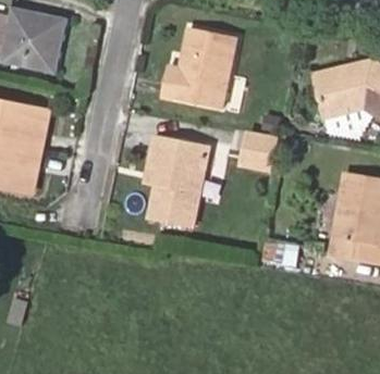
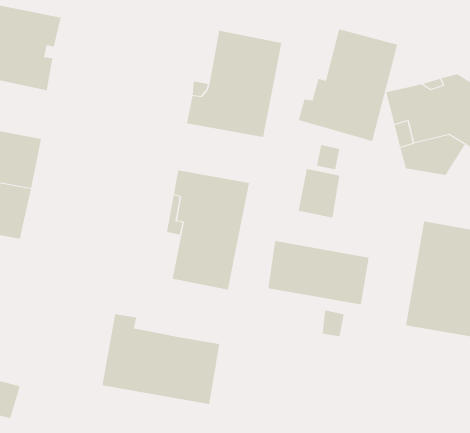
building: none -> [298,29,398,142]
building: none -> [268,240,369,305]
building: none -> [102,314,220,405]

